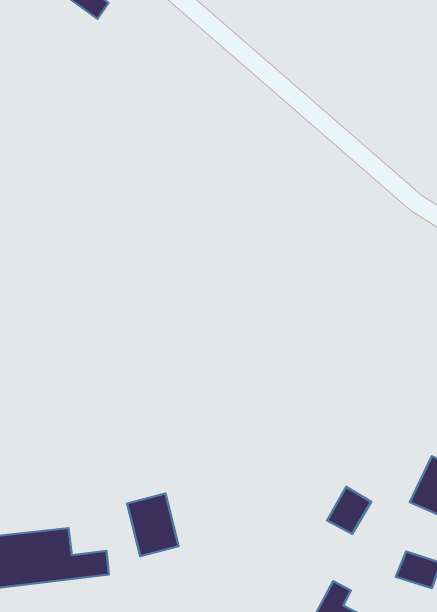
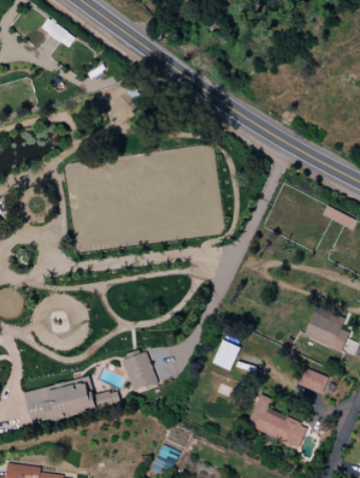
building: [327,487,371,534] -> [213,339,240,370]

